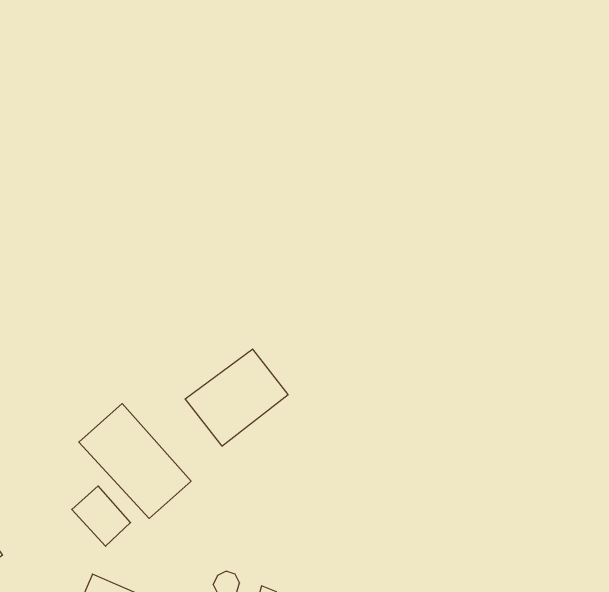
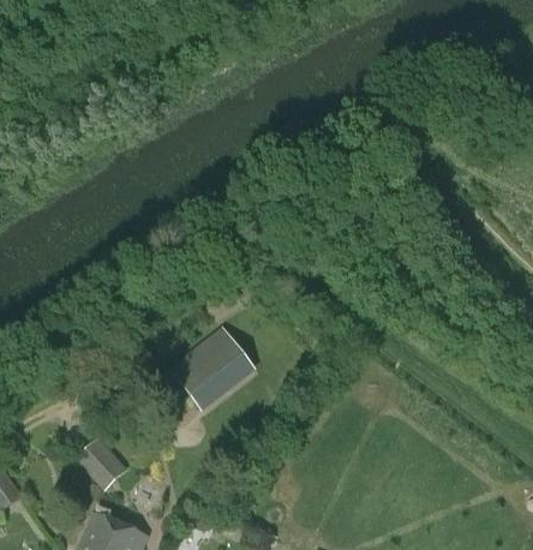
building: [79,404,191,518] -> none

